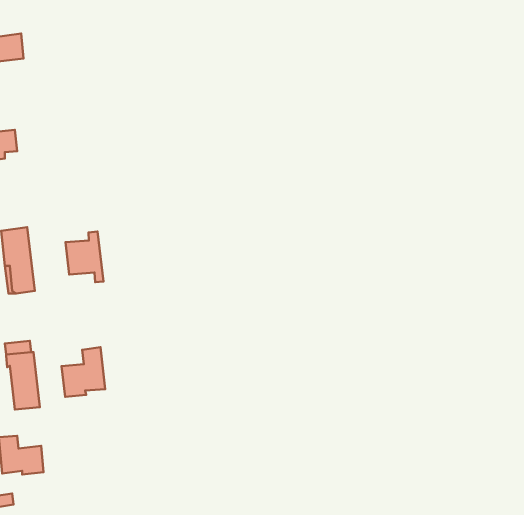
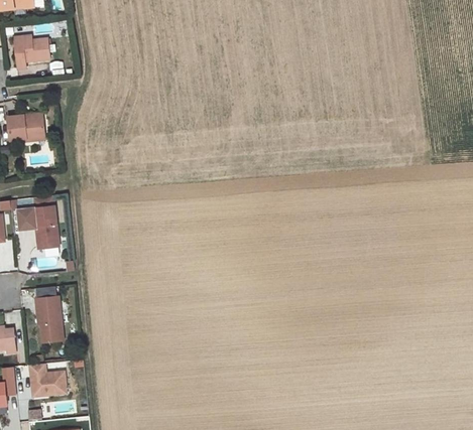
building: [65,232,103,282] -> none
building: [62,347,105,397] -> none

